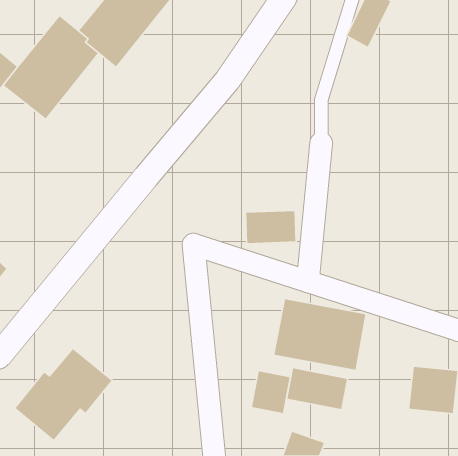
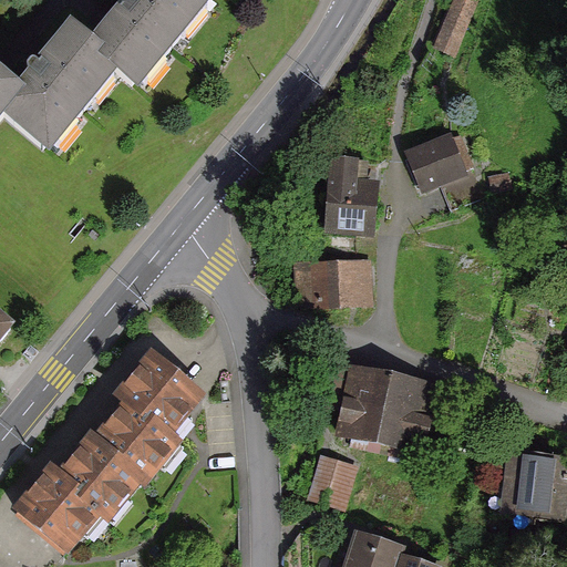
building: none -> [408,134,460,182]
building: none -> [324,155,372,227]
building: none -> [95,351,197,474]
building: [286,368,348,410] -> none

